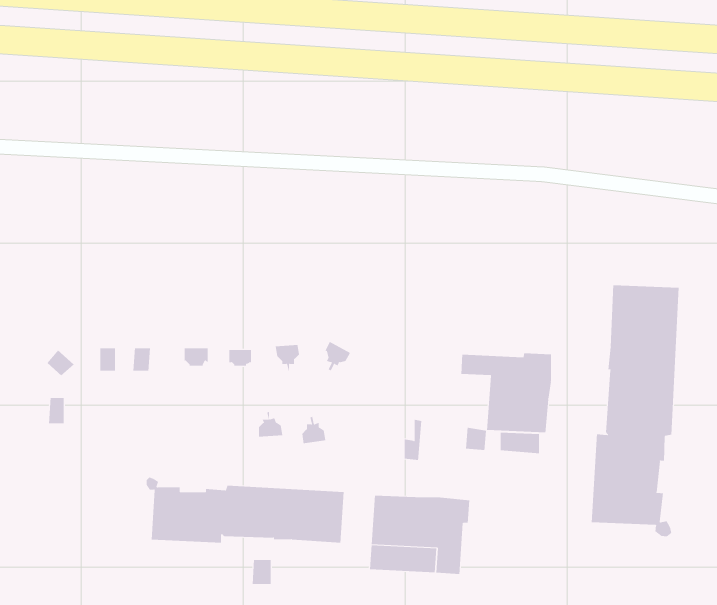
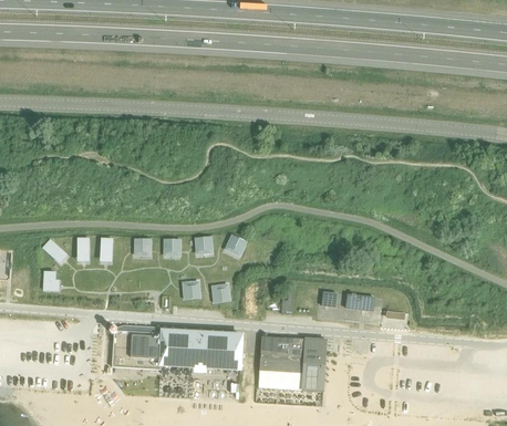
building: [591,285,679,537] -> none
building: [461,353,551,433] -> none

